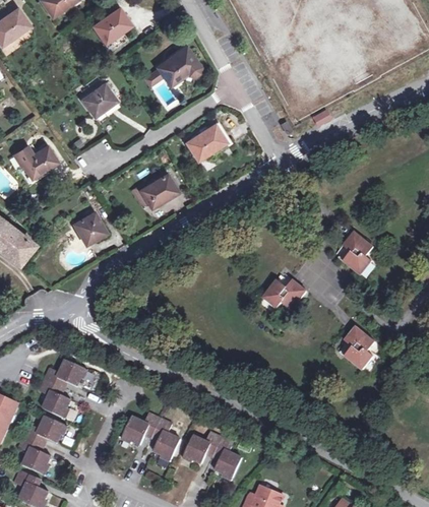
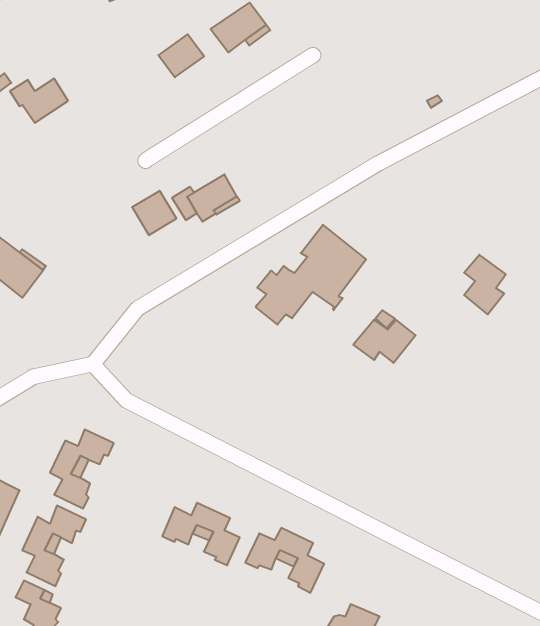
building: [82,84,116,116] -> [158,34,204,77]
building: [186,124,227,161] -> none
building: [14,145,57,178] -> [10,79,68,123]
building: none -> [256,225,366,325]
building: [74,212,107,245] -> [132,191,176,235]
building: [348,329,376,371] -> none

